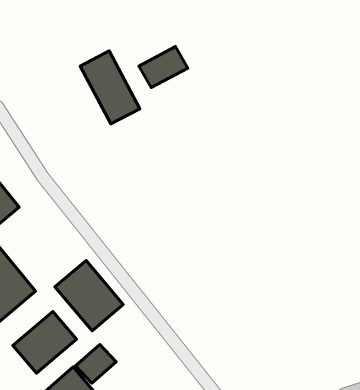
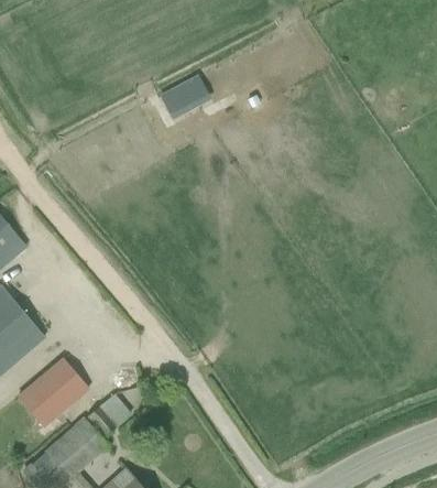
building: [80,51,140,124] -> none
building: [55,260,123,331] -> none

